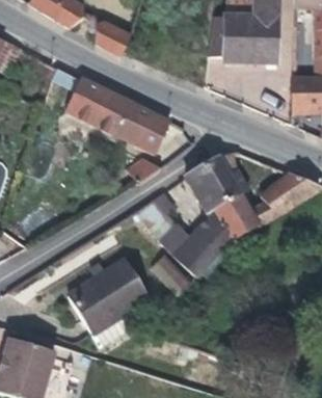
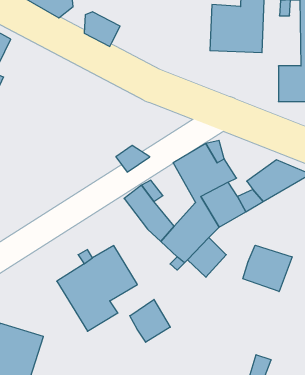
building: [65,76,170,152] -> none
building: none -> [243,245,292,292]
building: none -> [130,299,170,342]

